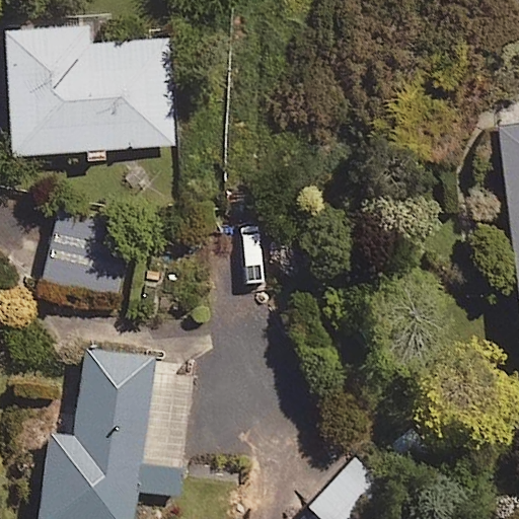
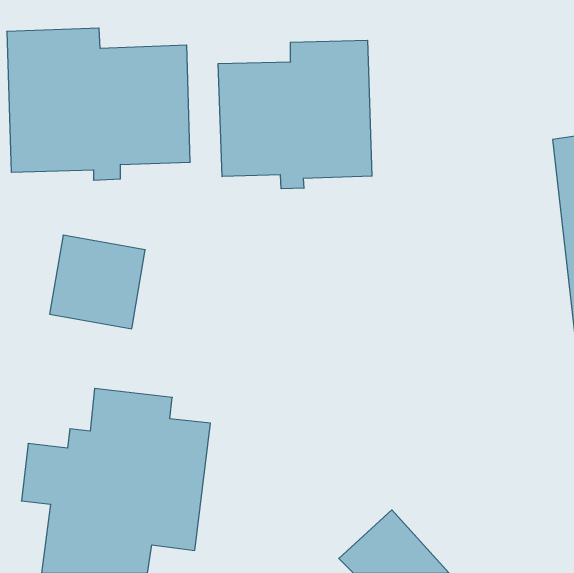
building: none -> [218,40,372,189]

